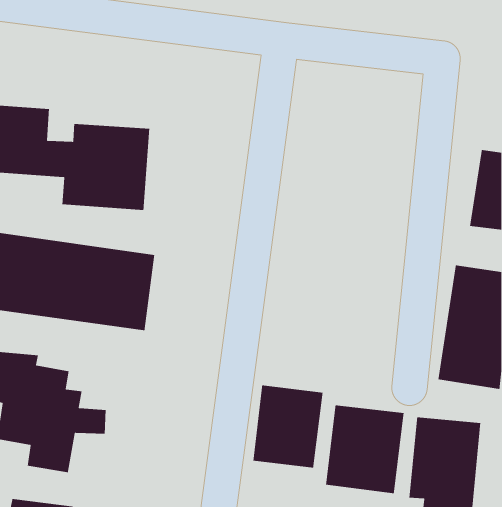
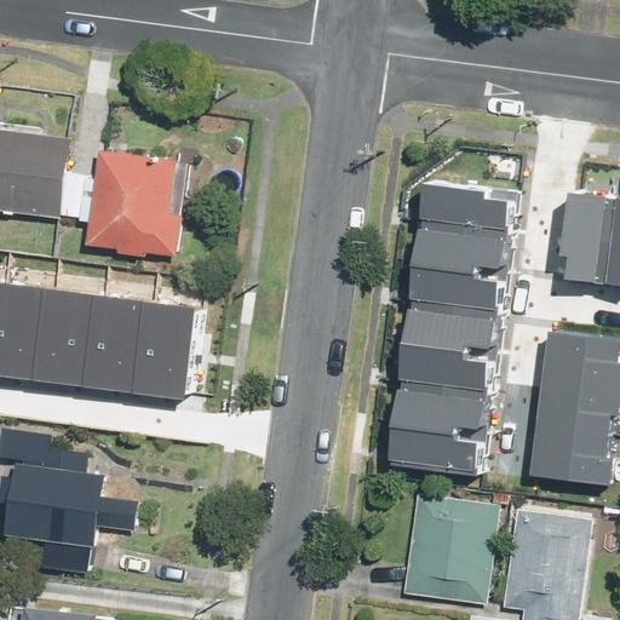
building: none -> [388,178,523,477]
building: [252,384,323,469] -> none

